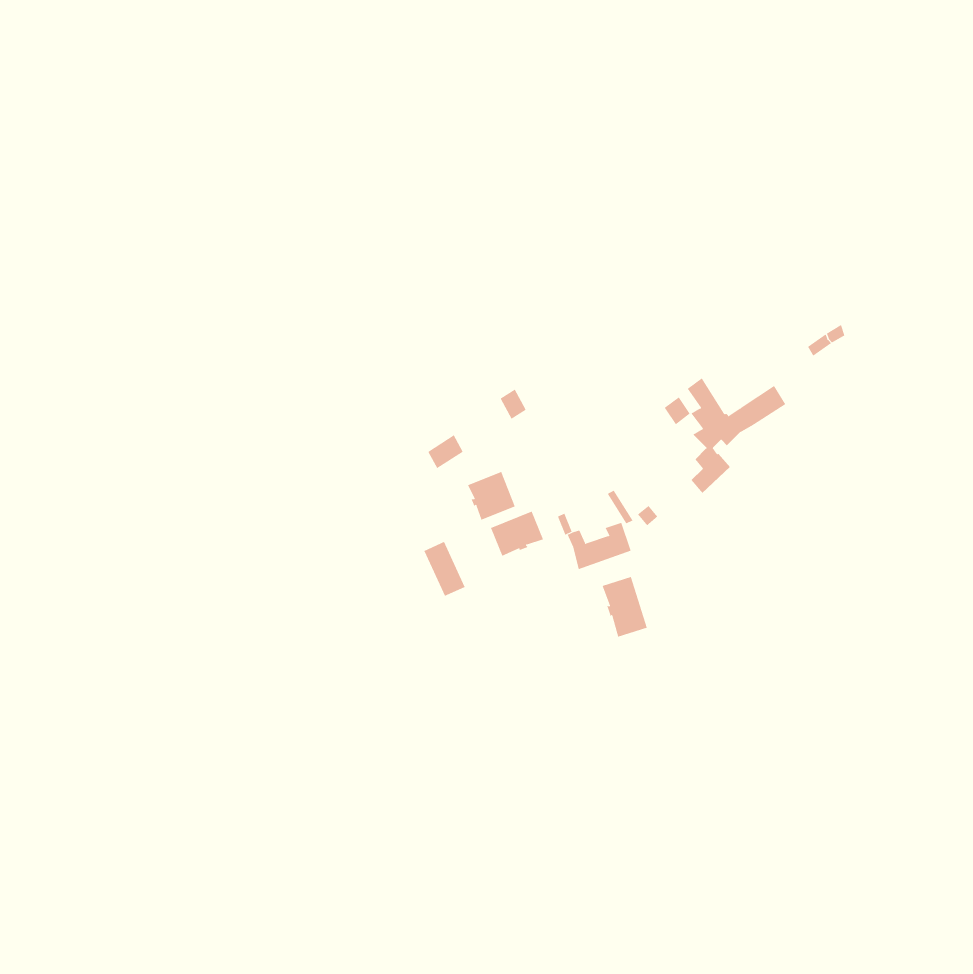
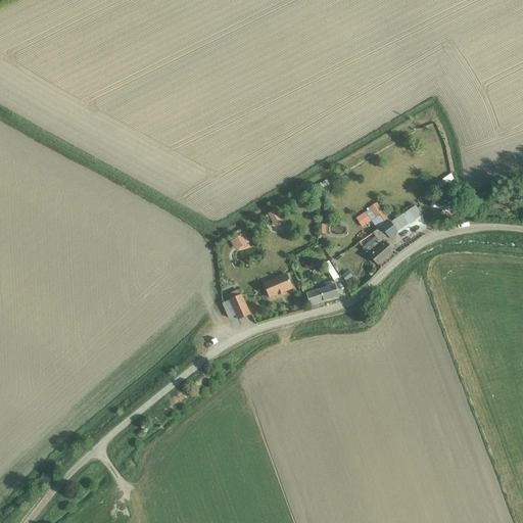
building: [467,471,515,521] -> none
building: [602,576,647,638] -> none

